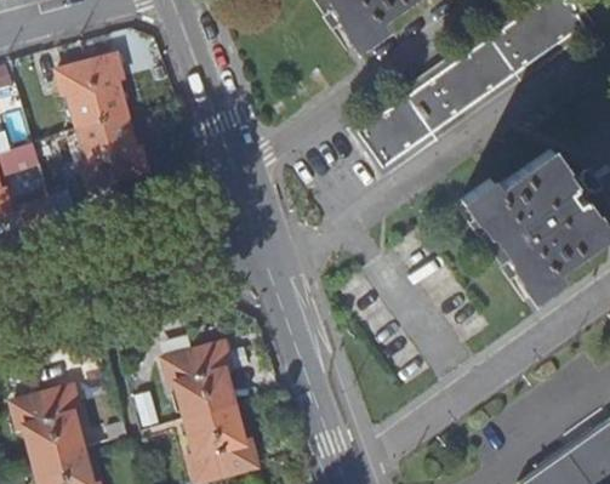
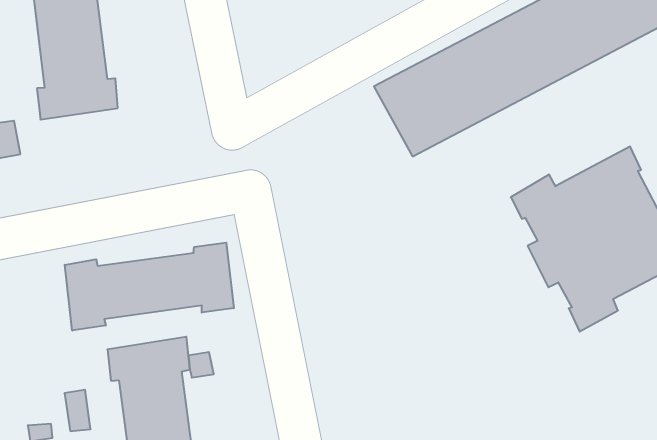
building: none -> [65,243,234,331]

